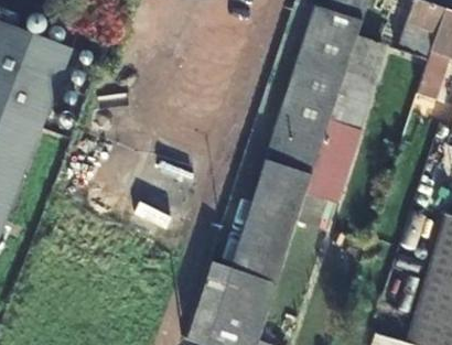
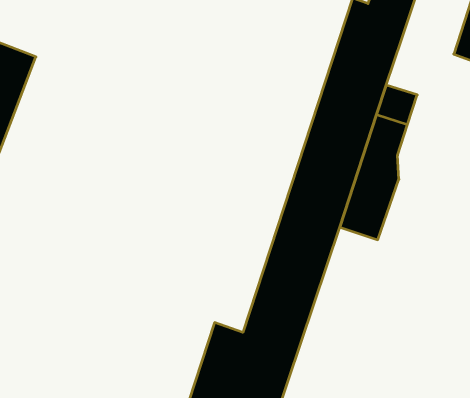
building: [343,36,379,80] -> none

